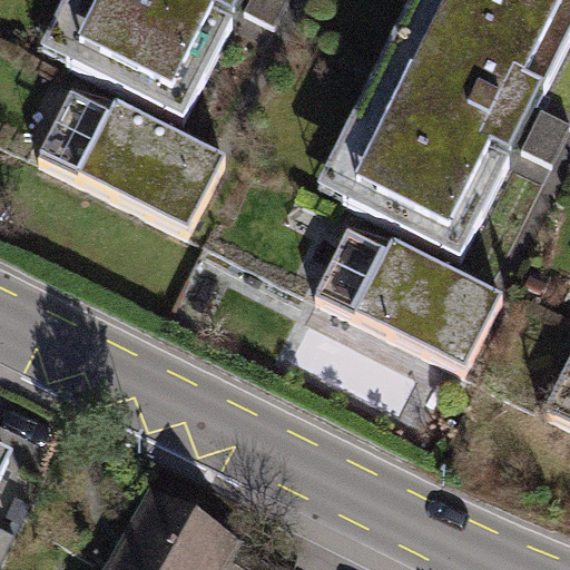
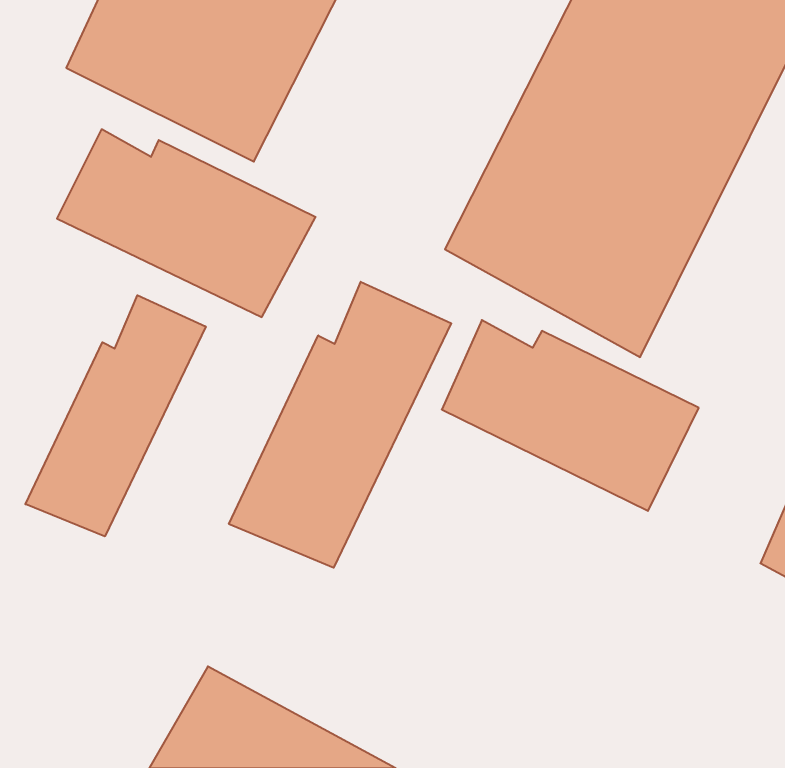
building: none -> [229,282,451,568]
building: none -> [25,295,206,536]

